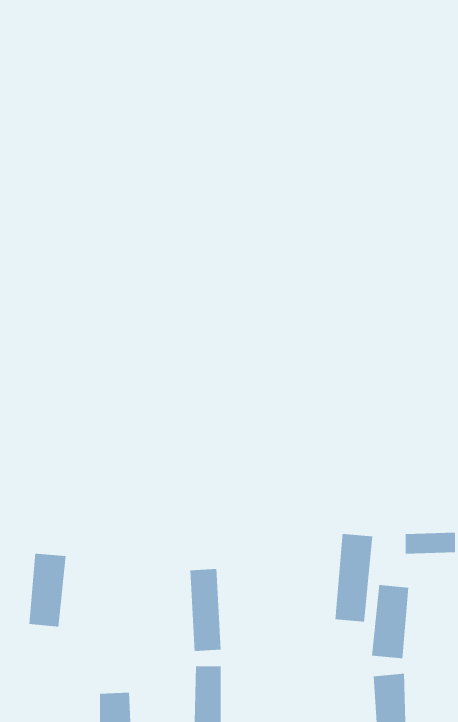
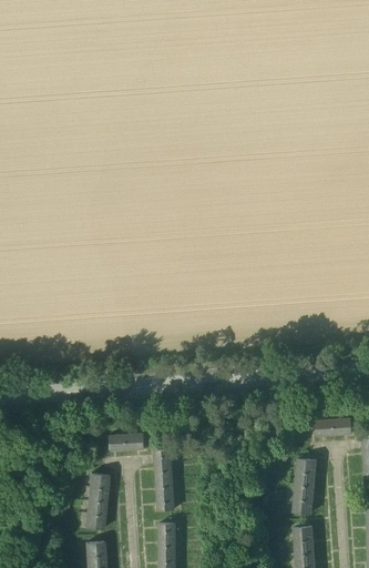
building: [335,533,373,622] -> none
building: none -> [106,433,146,449]
building: [29,553,66,627] -> [82,473,111,529]

